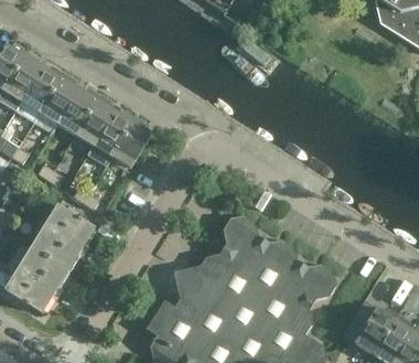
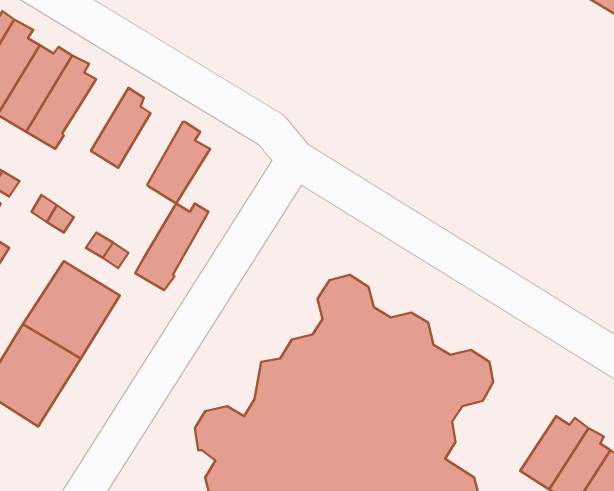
building: [56,87,99,134] -> none
building: [87,109,135,166] -> [135,203,209,290]

